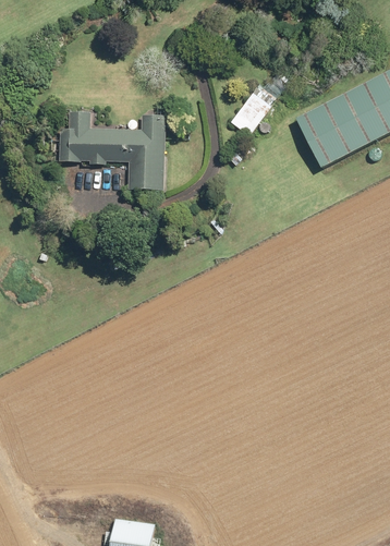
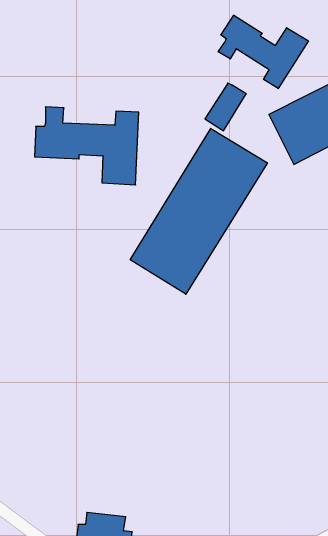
building: none -> [218,15,308,89]
building: none -> [130,128,267,294]

